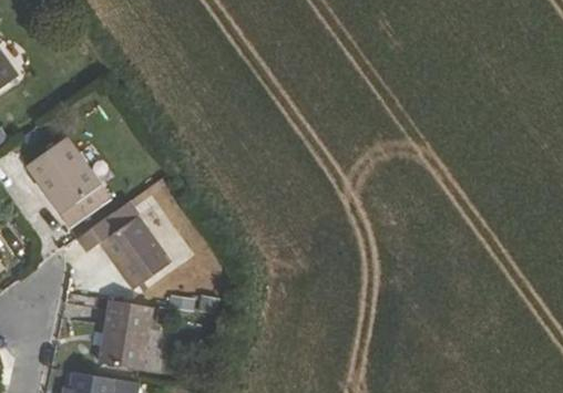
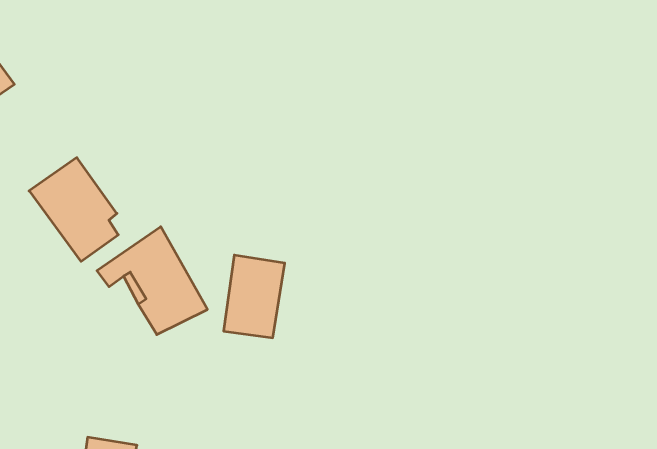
building: [101,299,152,368] -> [224,255,285,338]

